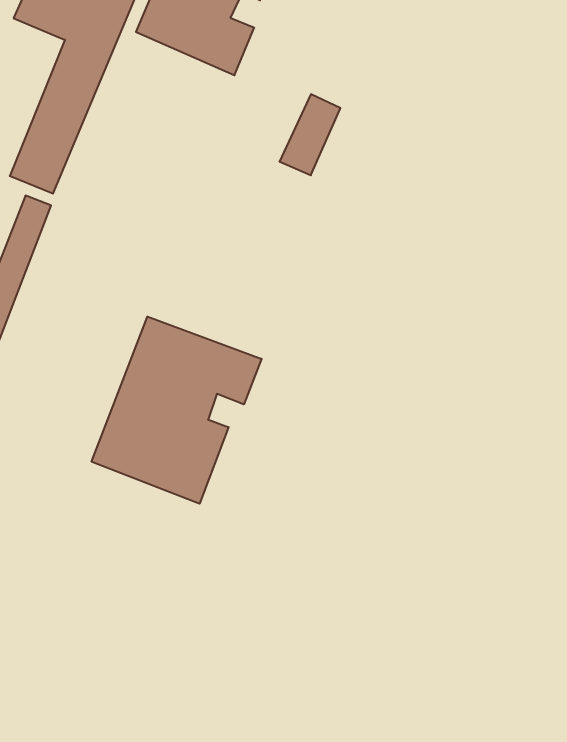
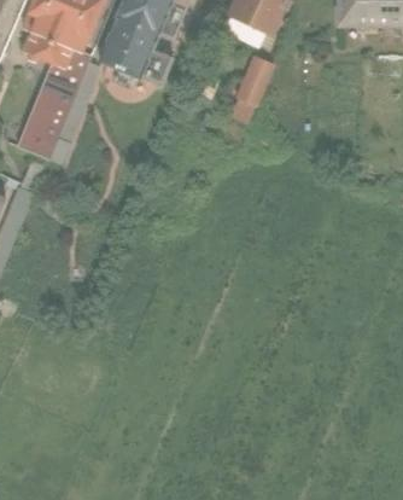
building: [279,94,340,175] -> [234,57,271,106]
building: [92,317,262,504] -> none

